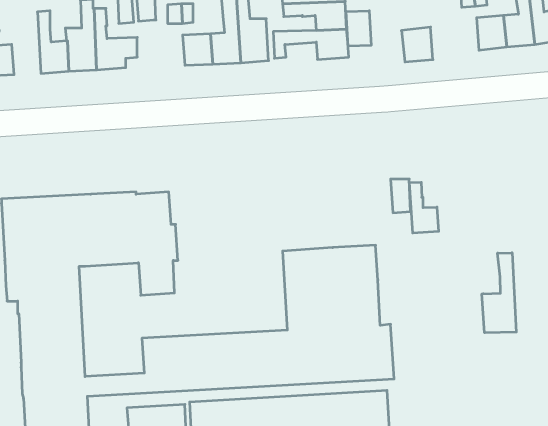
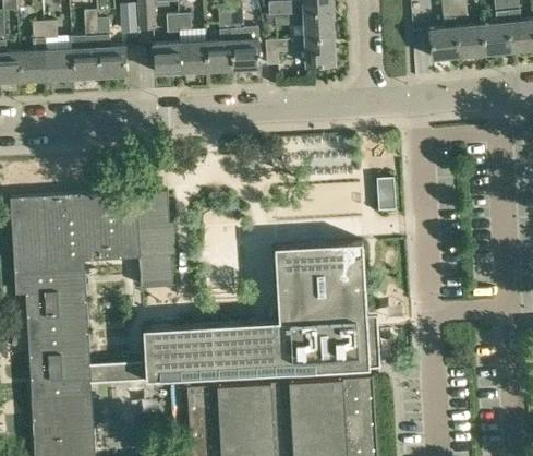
building: [346,11,371,46] -> none
building: none -> [20,23,47,82]
building: [401,27,433,62] -> [428,28,458,61]
building: none -> [154,45,182,75]
building: [409,182,439,233] -> none
building: [482,253,516,333] -> none

